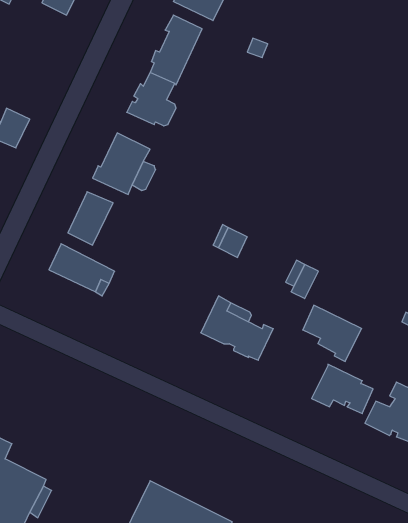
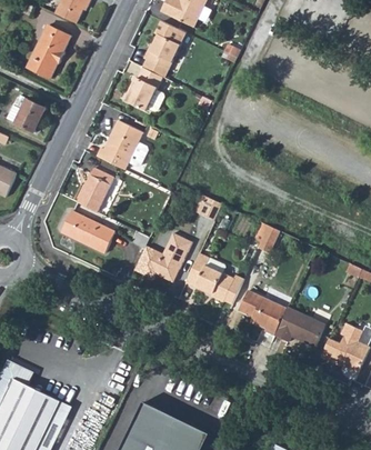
building: none -> [27,24,70,77]
building: none -> [133,232,191,280]
building: [303,305,362,361] -> [240,289,288,334]

